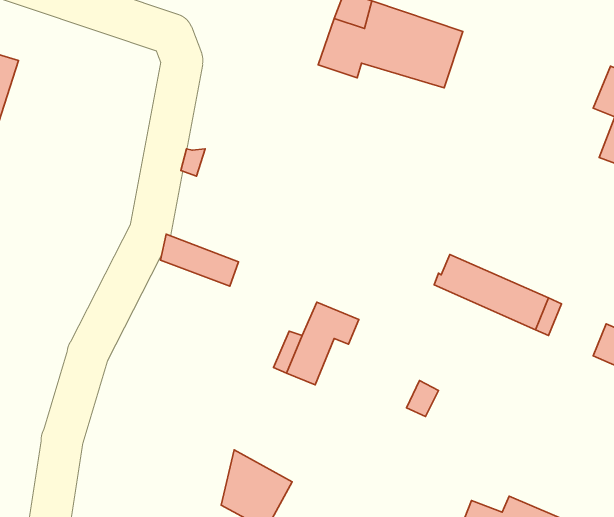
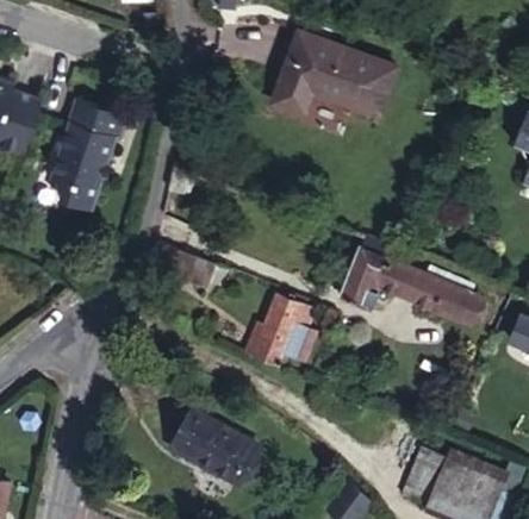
building: none -> [46,96,124,210]
building: none -> [346,231,397,312]
building: none -> [176,408,214,463]

